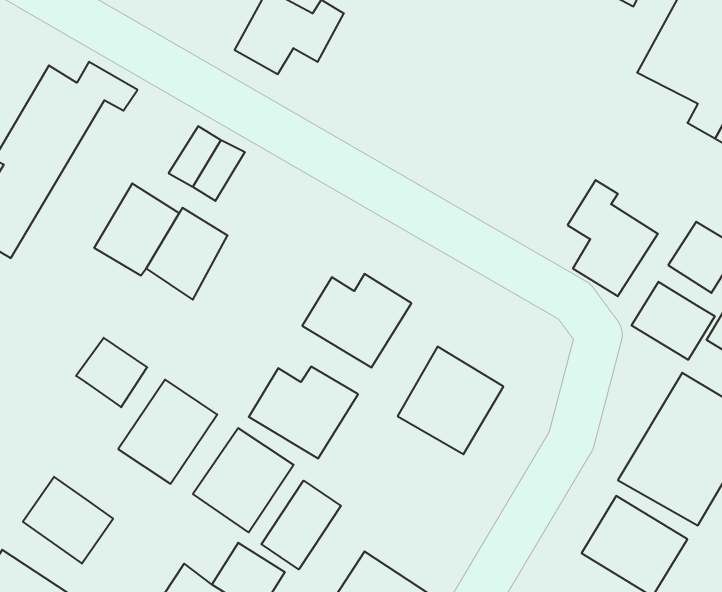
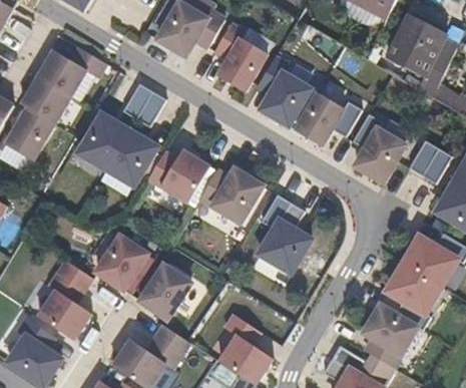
building: none -> [213,25,266,93]
building: none -> [258,60,310,128]
building: none -> [296,96,360,145]
building: [632,282,715,360] -> none
building: [76,338,147,407] -> [49,262,90,302]
building: [249,367,358,458] -> [146,152,209,206]
building: [261,481,341,569] -> none

